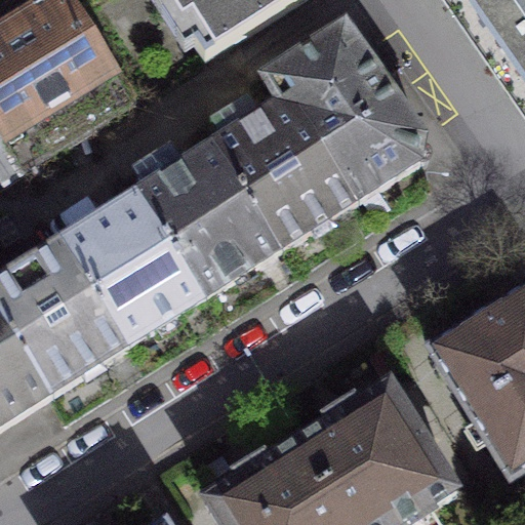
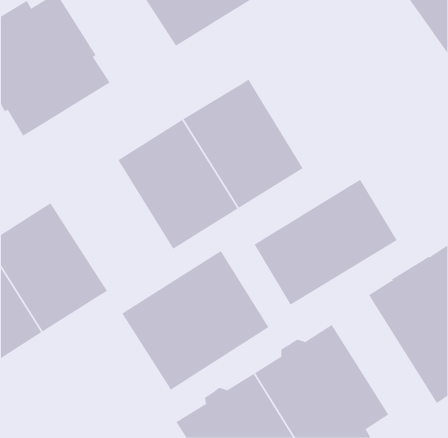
building: [264,21,423,197] -> none
building: [59,188,202,340] -> none
building: none -> [254,179,398,305]
building: none -> [122,250,269,391]

